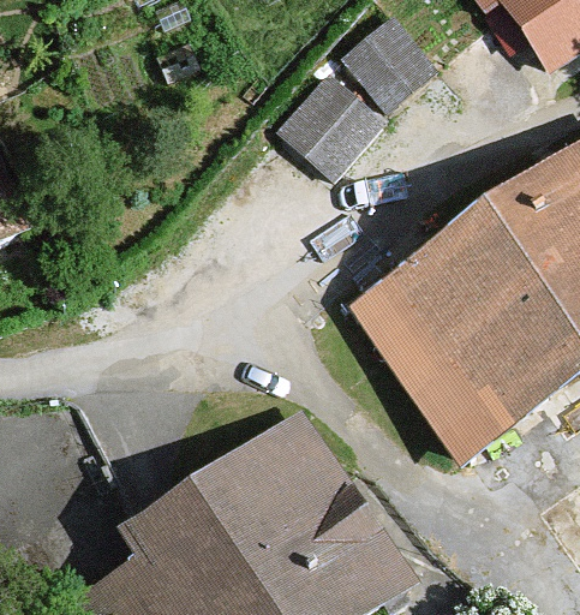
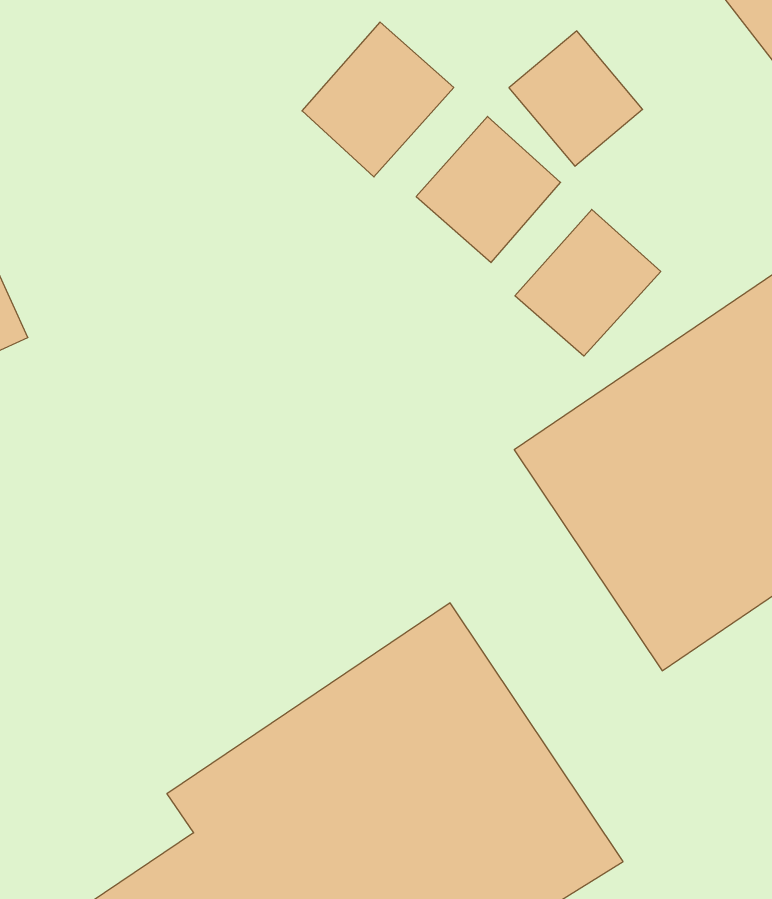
building: none -> [302,22,454,177]
building: none -> [515,209,661,356]

